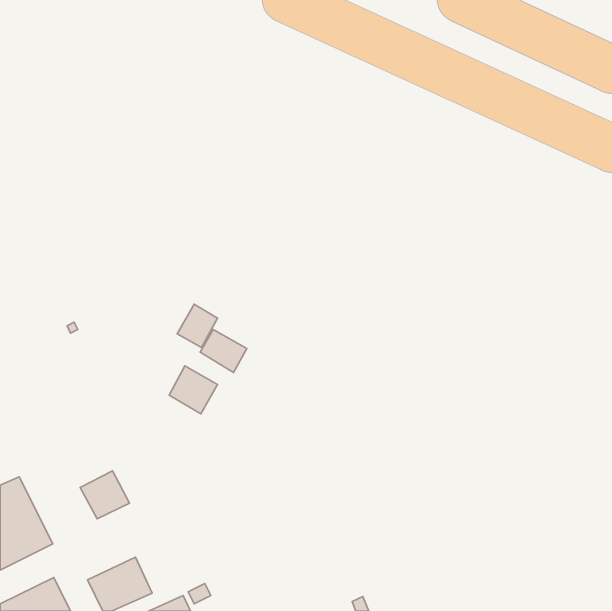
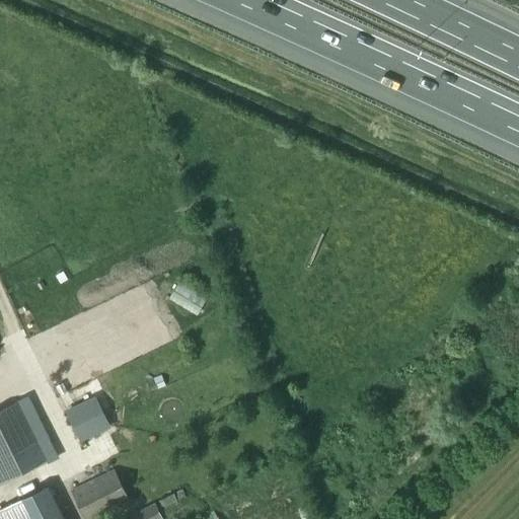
building: [177,304,217,348] -> none
building: [169,366,218,414] -> none

